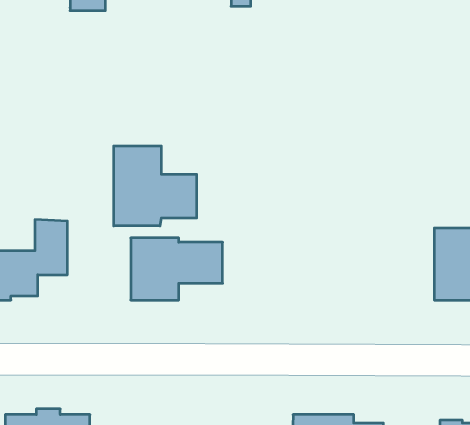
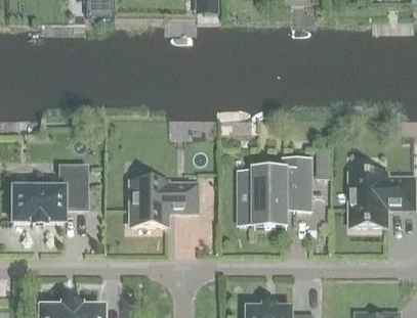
building: [114,146,197,226] -> none
building: none -> [240,157,309,225]

